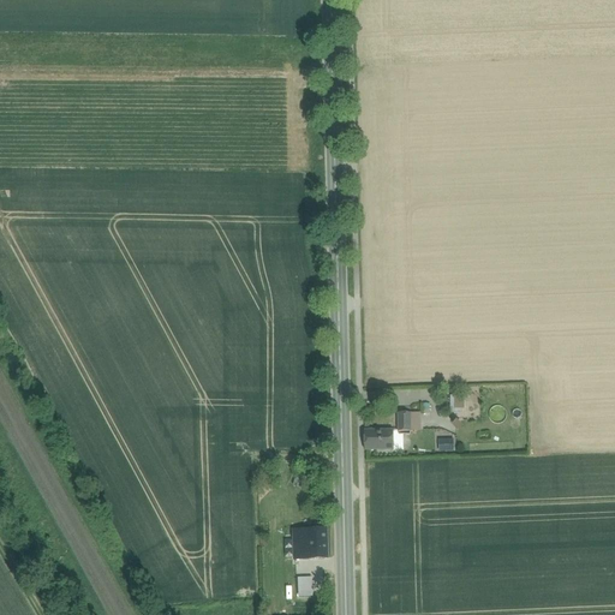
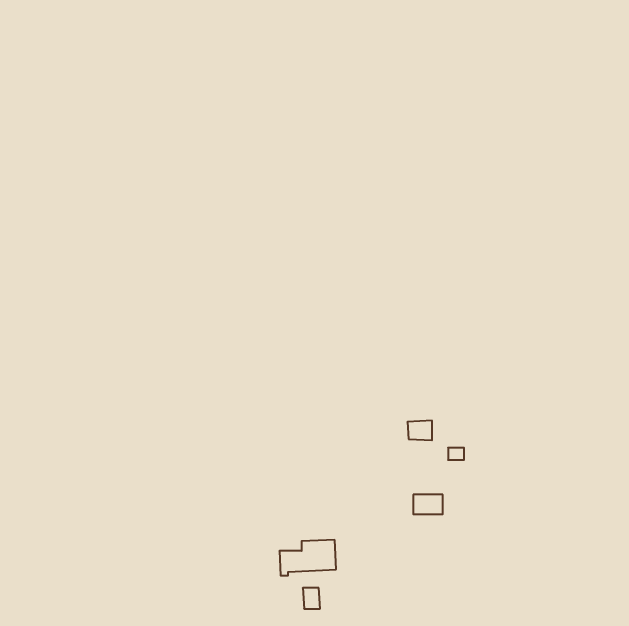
building: [364,429,393,448] -> [413,495,443,514]

